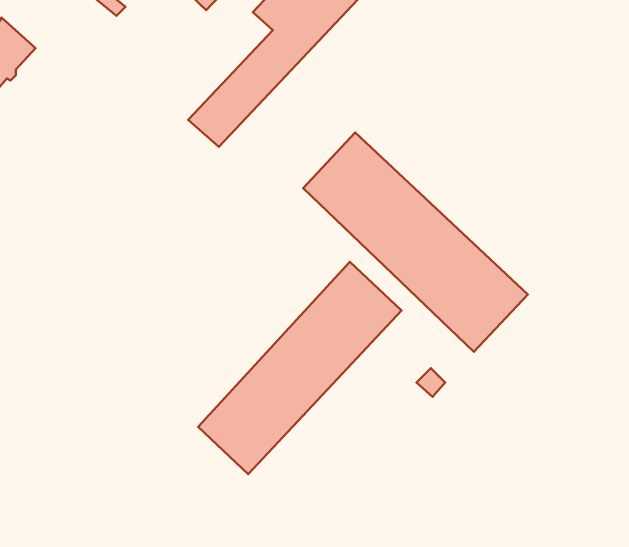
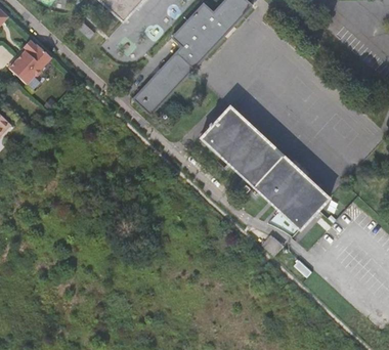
building: [198,262,402,474] -> none

